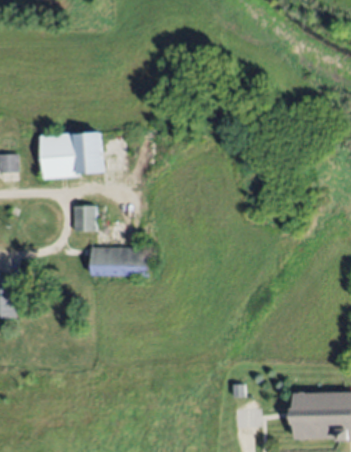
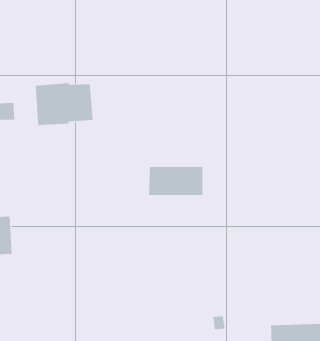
building: [72,206,95,231] -> none
building: [89,246,148,277] -> [148,167,203,195]

